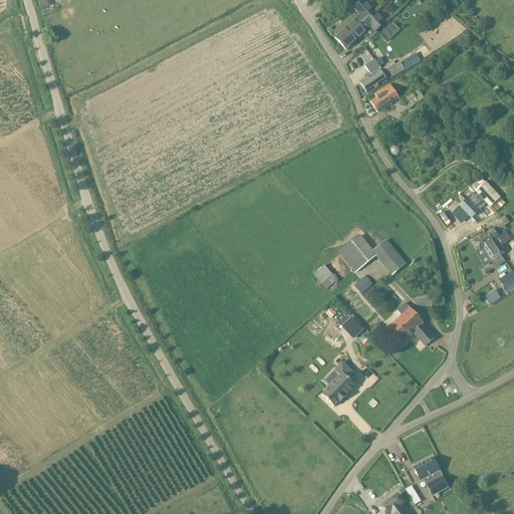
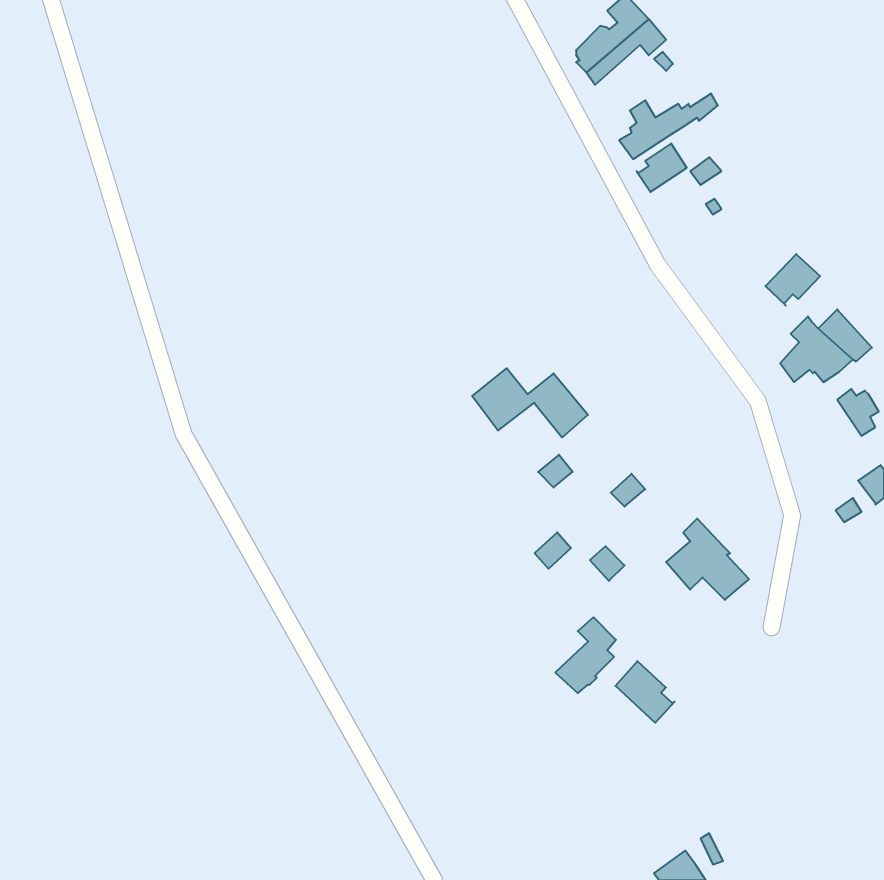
building: none -> [765,254,820,306]
building: [474,232,505,266] -> none
building: [339,235,407,275] -> [472,368,588,437]
building: none -> [615,661,675,723]
building: [414,457,451,494] -> none

